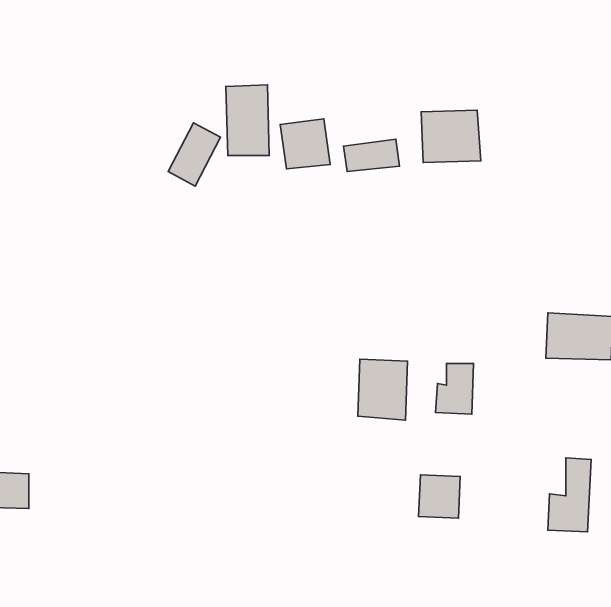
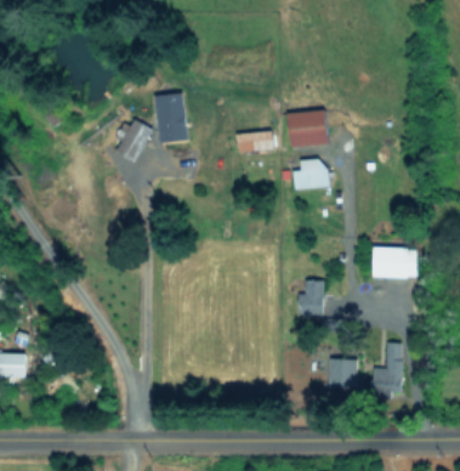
building: [280,119,330,169] -> none
building: none -> [290,157,328,191]
building: [358,359,408,420] -> none
building: [419,475,460,518] -> [329,358,357,387]

